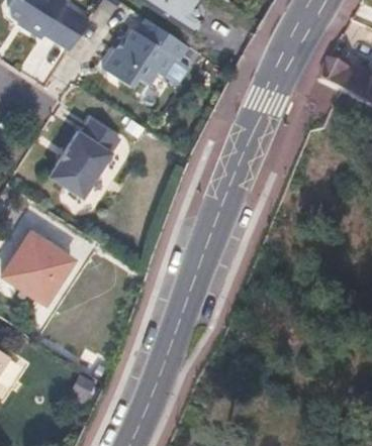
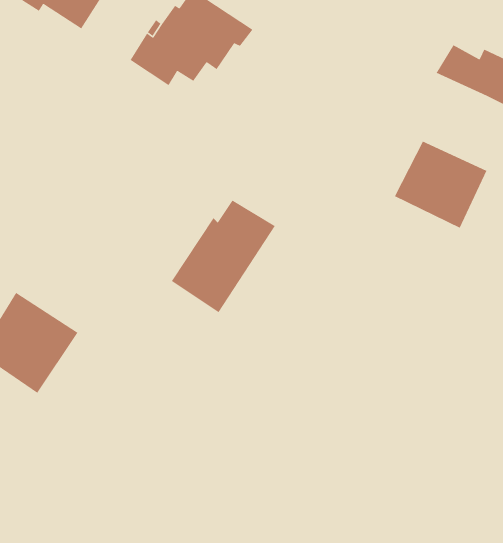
building: [51,119,123,198] -> [171,200,276,313]
building: none -> [394,141,487,229]

